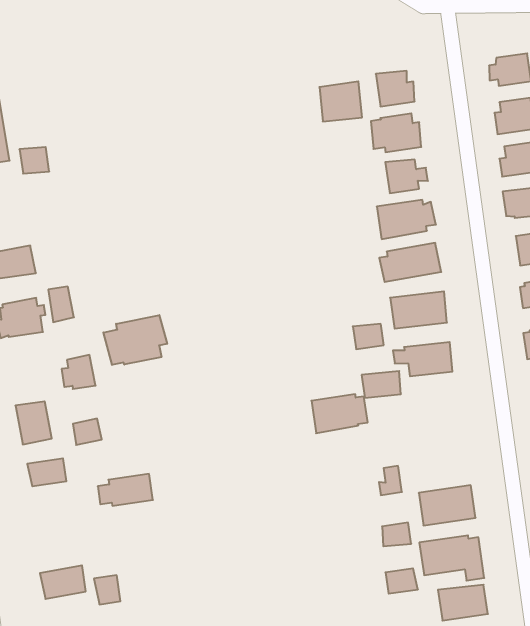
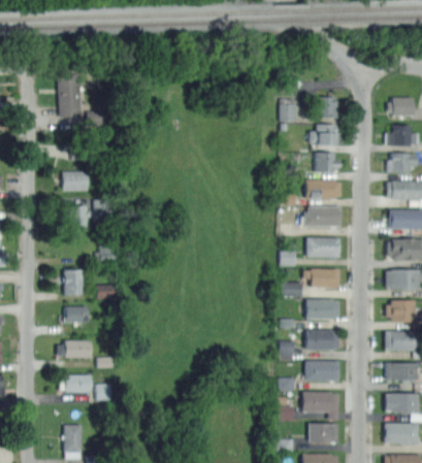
building: [103,315,167,365] -> none
building: [311,394,368,433] -> [305,299,338,320]
building: none -> [305,331,338,351]
building: [98,474,153,506] -> [57,341,90,358]

